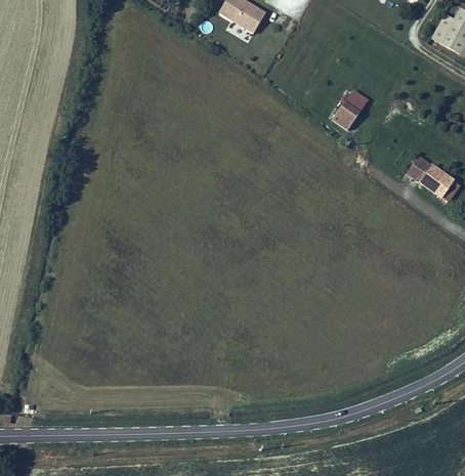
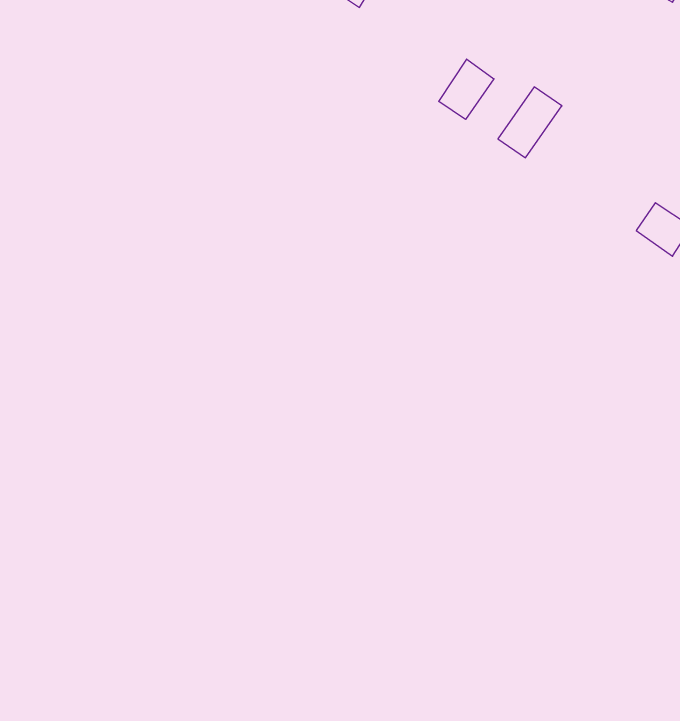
building: none -> [439,59,494,119]

